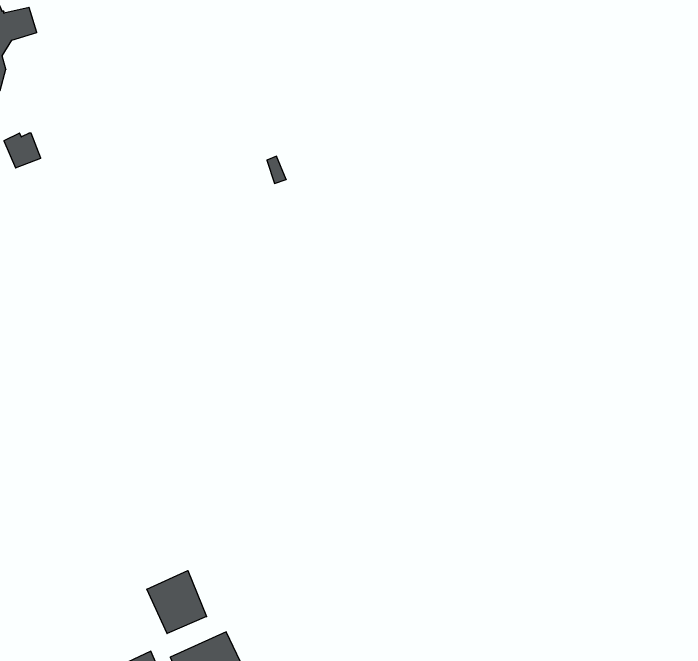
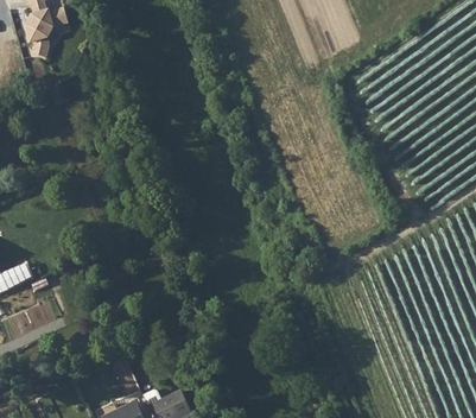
building: [147,571,207,634] -> none

